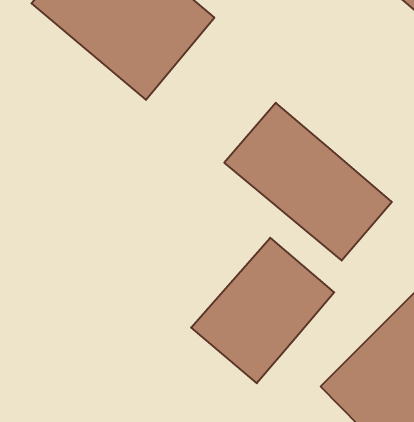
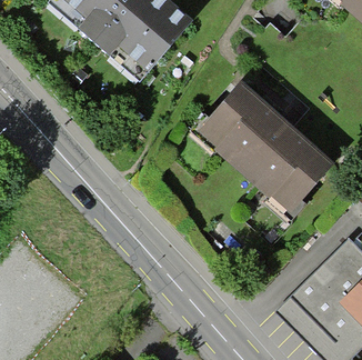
building: [191,238,334,383] -> none

